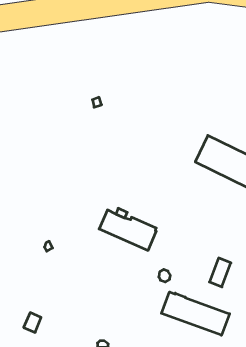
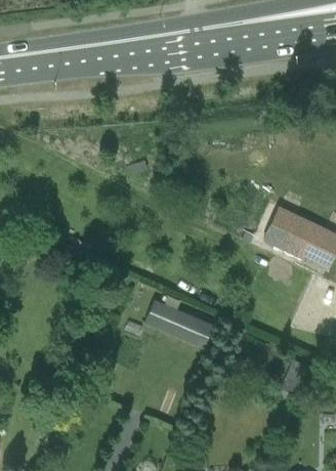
building: [161,292,230,335] -> none

